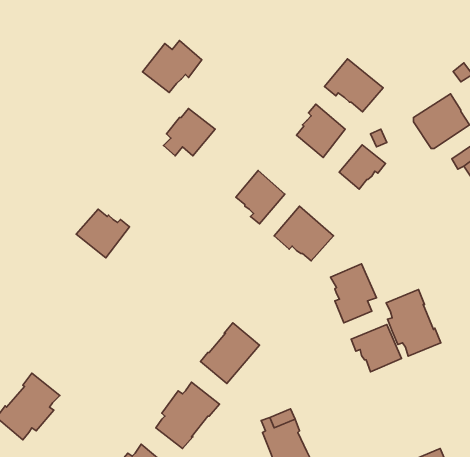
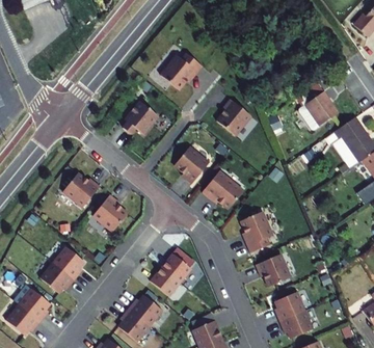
building: [143,41,202,92] -> [157,51,198,87]
building: [325,59,383,112] -> none
building: [339,145,385,189] -> none
building: none -> [91,193,127,231]
building: [386,290,441,356] -> [274,291,313,338]
building: none -> [38,245,83,293]

